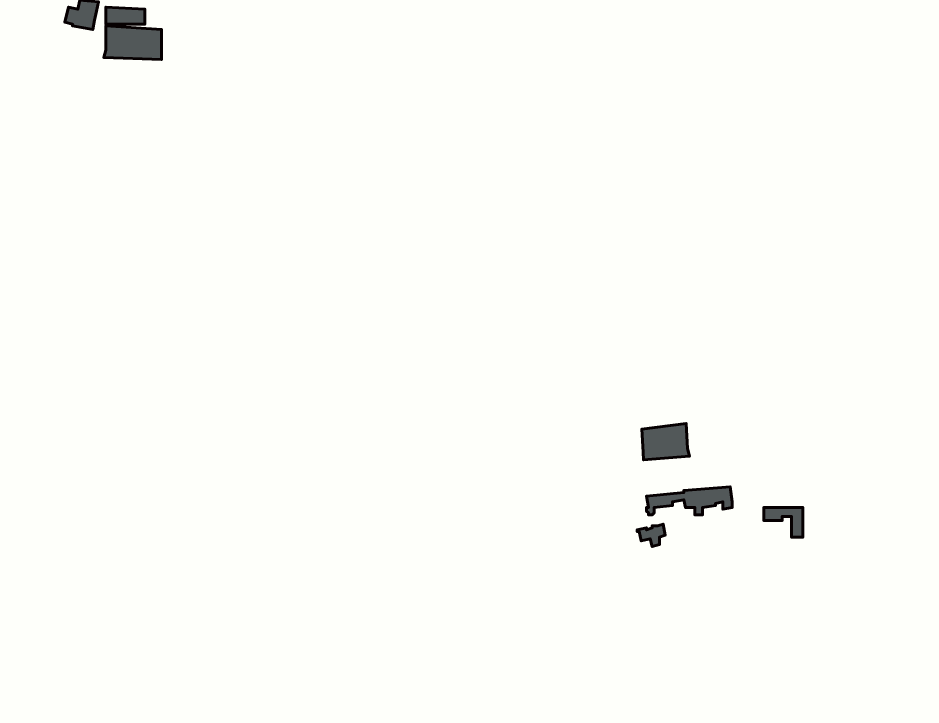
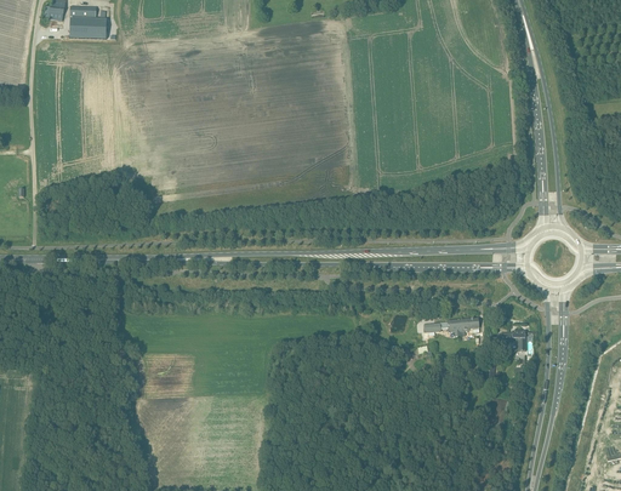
building: [642,424,689,460] -> none

